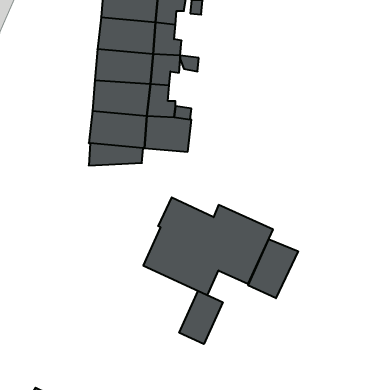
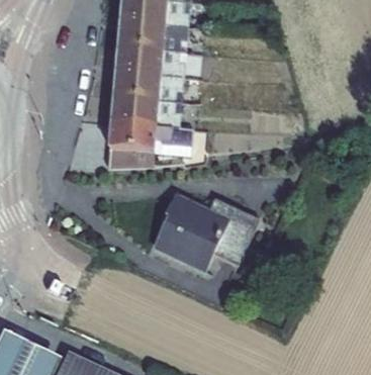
building: [248,239,298,298] -> none
building: [179,291,223,344] -> none

